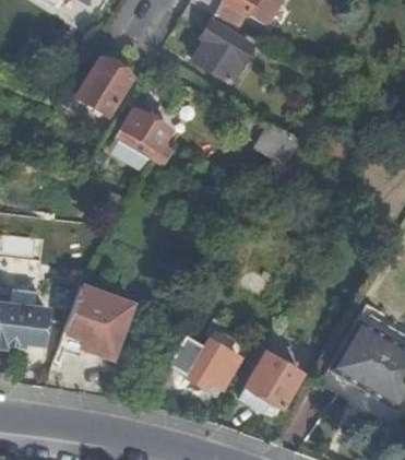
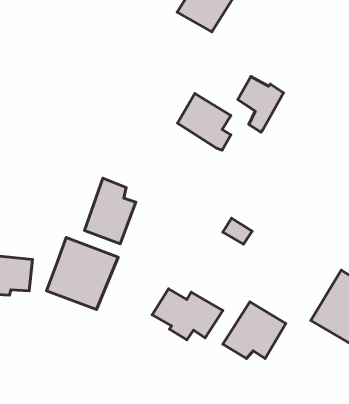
building: [81,59,132,115] -> none
building: [117,107,170,164] -> [177,94,231,150]
building: none -> [85,178,136,244]

